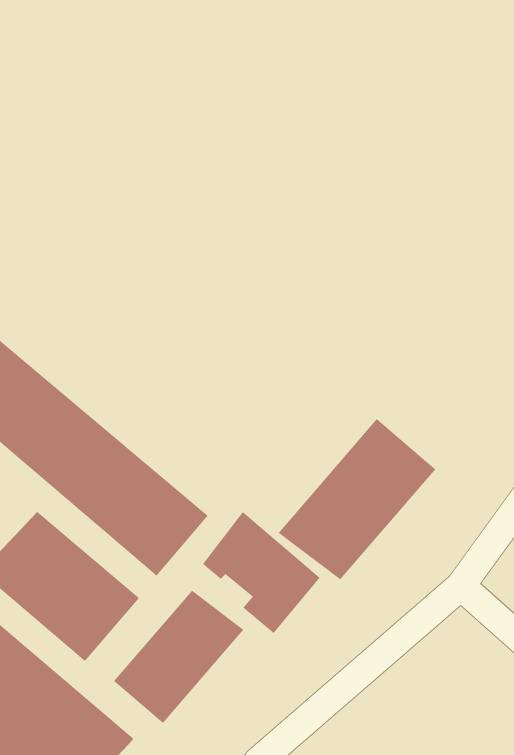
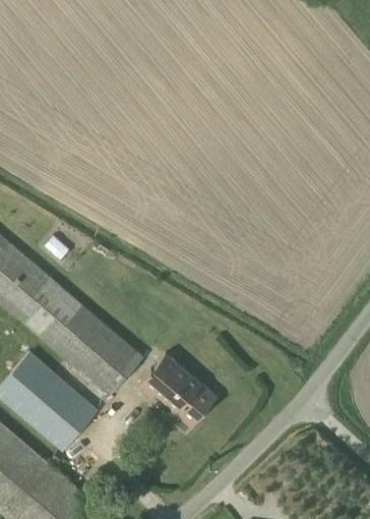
building: [278,418,436,580] -> none
building: [113,590,244,724] -> none

